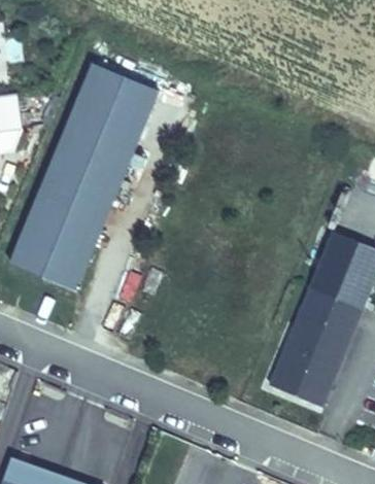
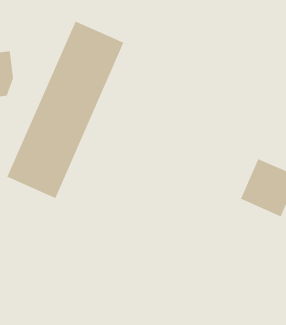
building: [269,288,362,406] -> none

